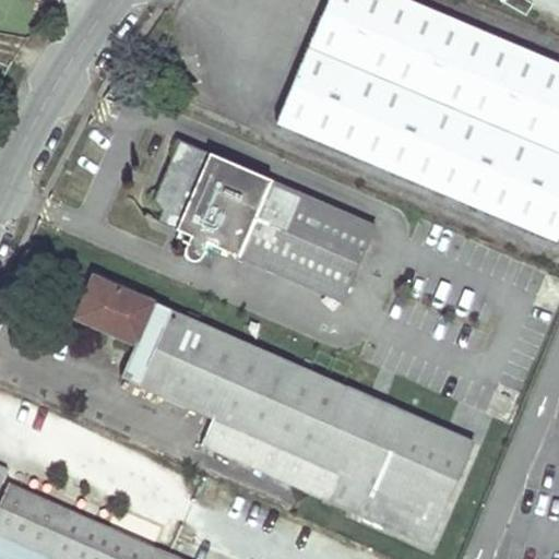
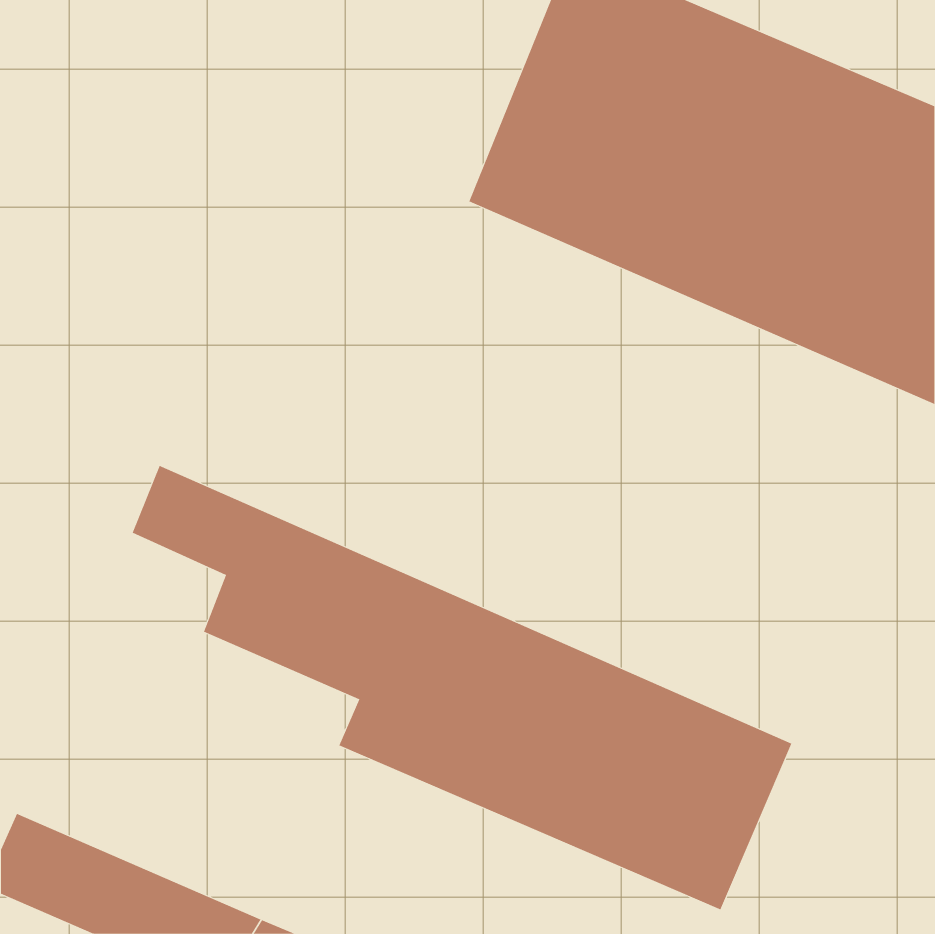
building: [153,141,376,300] -> none

